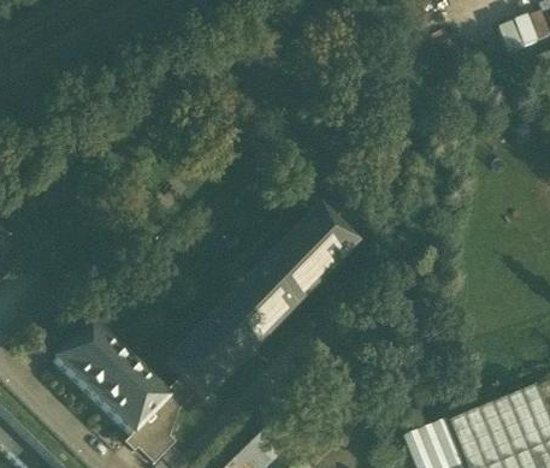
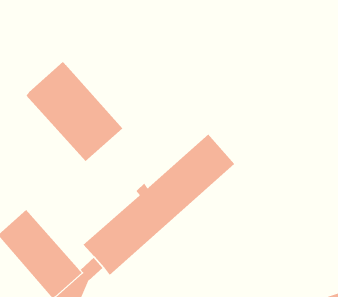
building: none -> [25,61,123,162]

